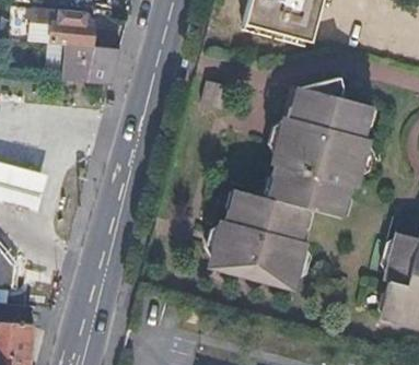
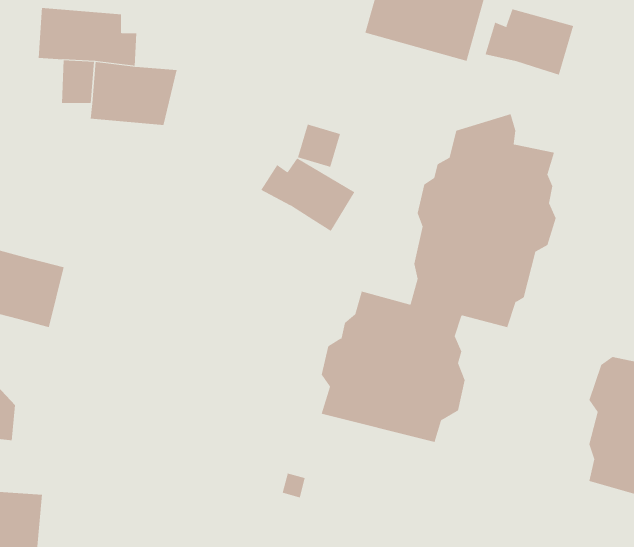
building: none -> [485,8,574,75]
building: none -> [260,157,355,232]

